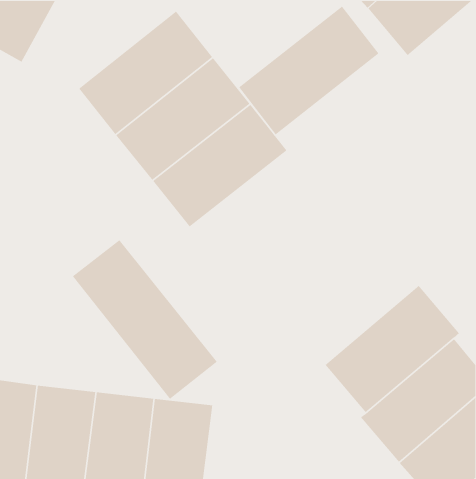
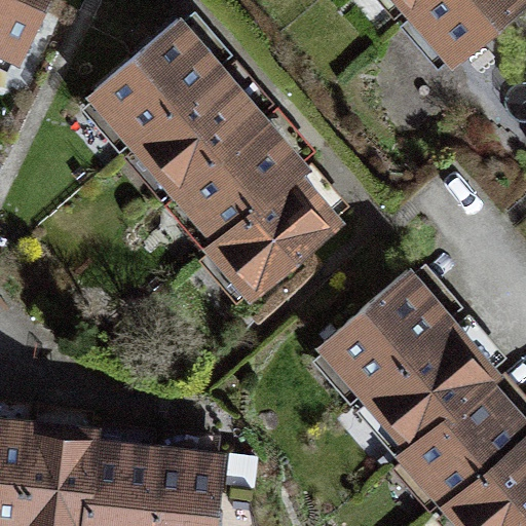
building: [238,5,380,135] -> none
building: none -> [204,171,350,304]
building: none -> [306,264,452,402]
building: [72,239,218,400] -> none

